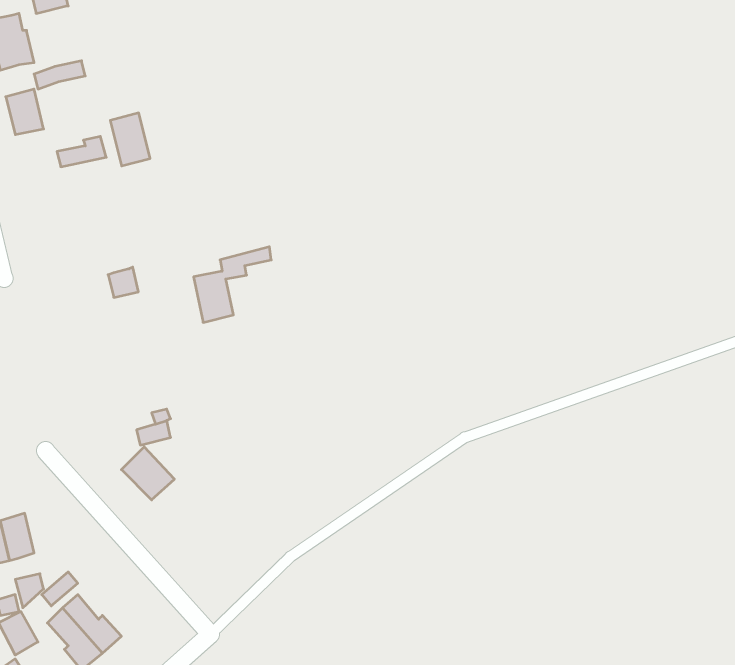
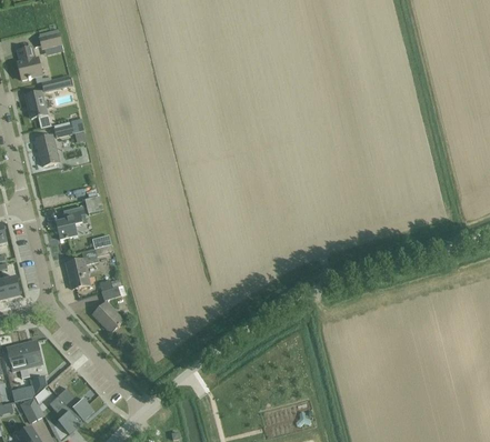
building: [110,113,150,166] -> [36,133,59,164]
building: [194,247,271,322] -> [66,243,111,288]
building: none -> [56,205,86,238]

